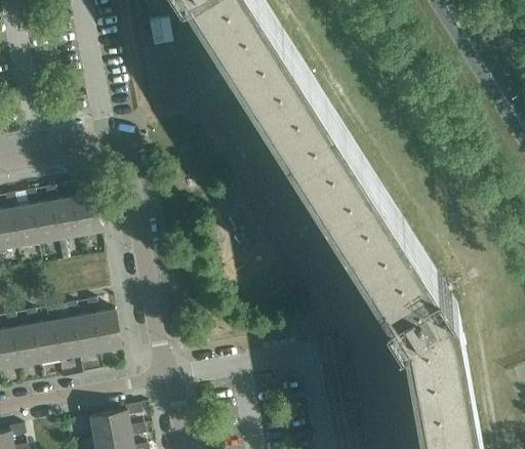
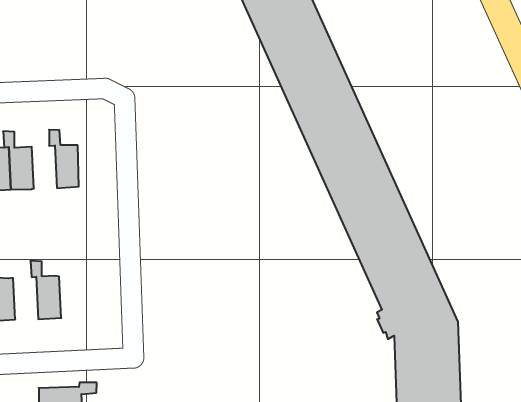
building: [40,188,75,261] -> none
building: [81,300,116,353] -> none
building: [41,308,75,360] -> none

